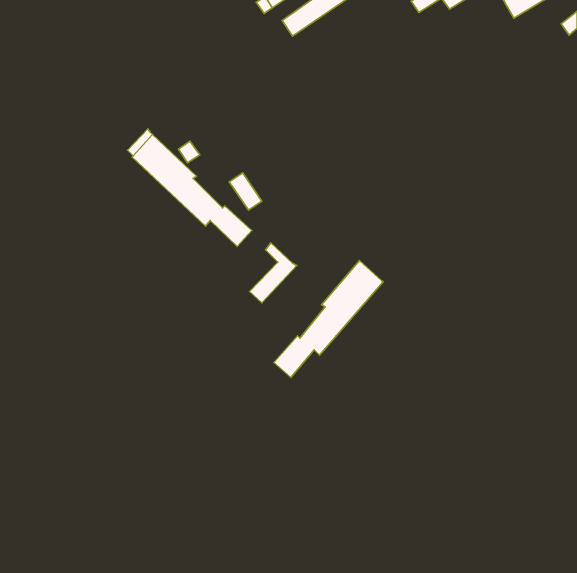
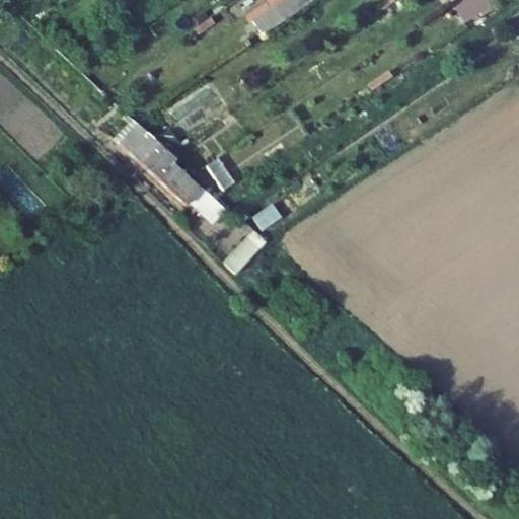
building: [274,260,383,377] -> none

